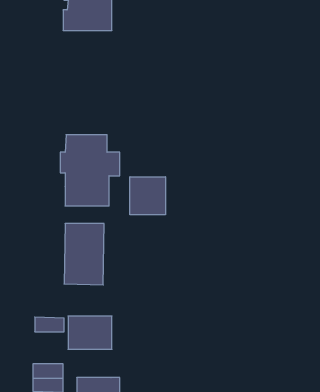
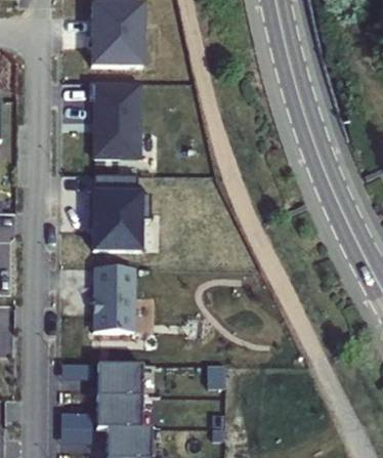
building: none -> [90,80,142,156]
building: [130,177,165,215] -> none
building: none -> [97,399,143,428]

